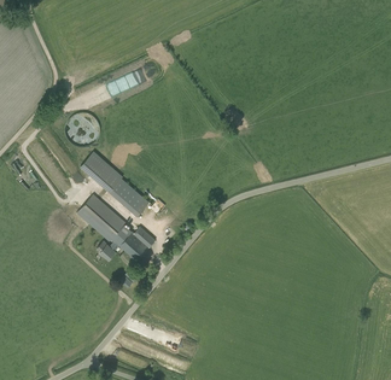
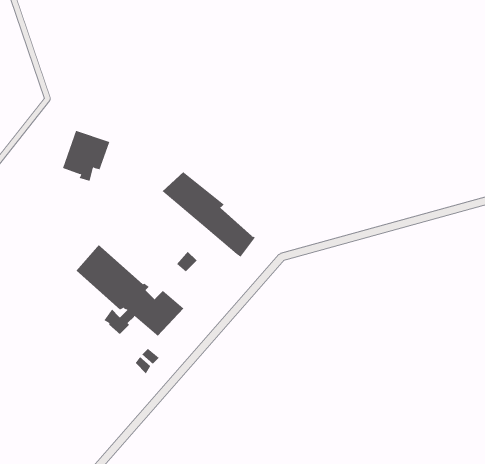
building: [77,151,146,214] -> [162,172,256,257]

